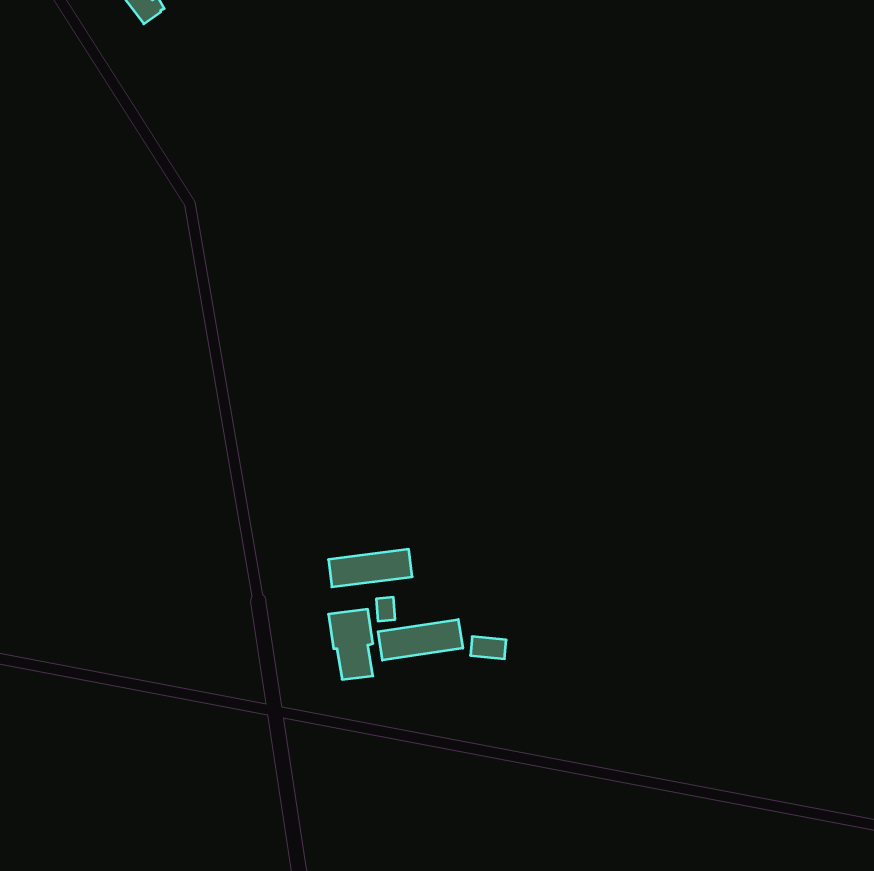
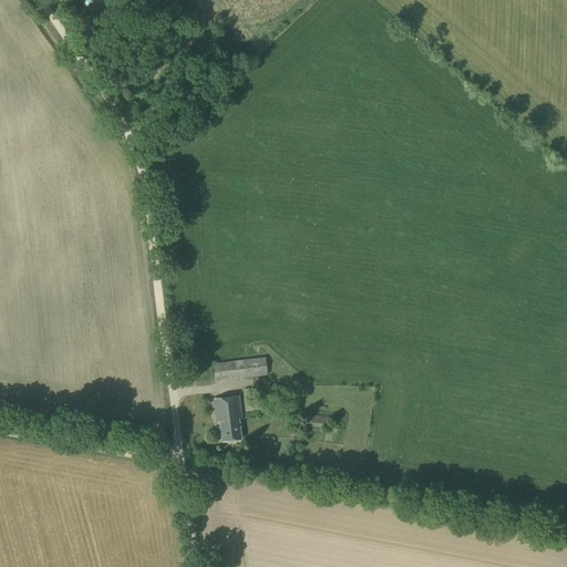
building: [378,619,463,660] -> none

